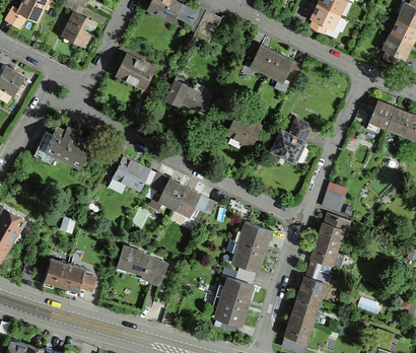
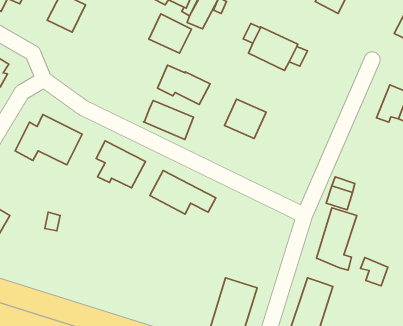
building: [115,54,154,90] -> [149,14,192,53]
building: none -> [144,100,194,140]
building: [270,116,311,162] -> none
building: [230,219,274,272] -> none
building: [116,243,166,286] -> none
building: [42,255,96,292] -> none
building: [306,258,332,284] -> [360,257,388,286]

